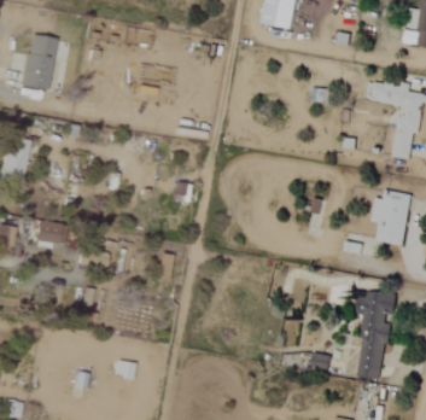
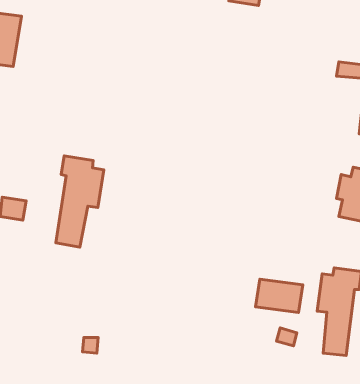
building: none -> [56,156,104,247]
building: none -> [256,279,303,312]

